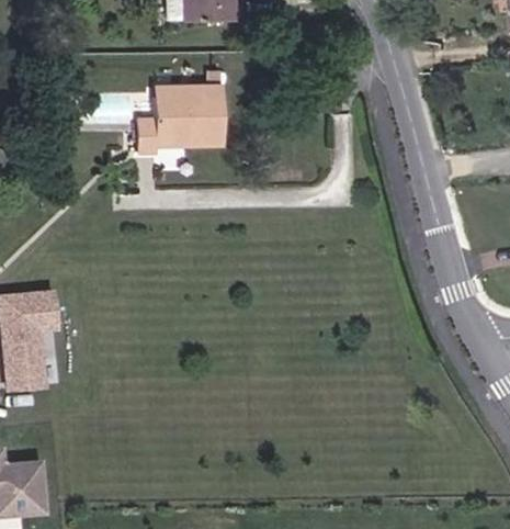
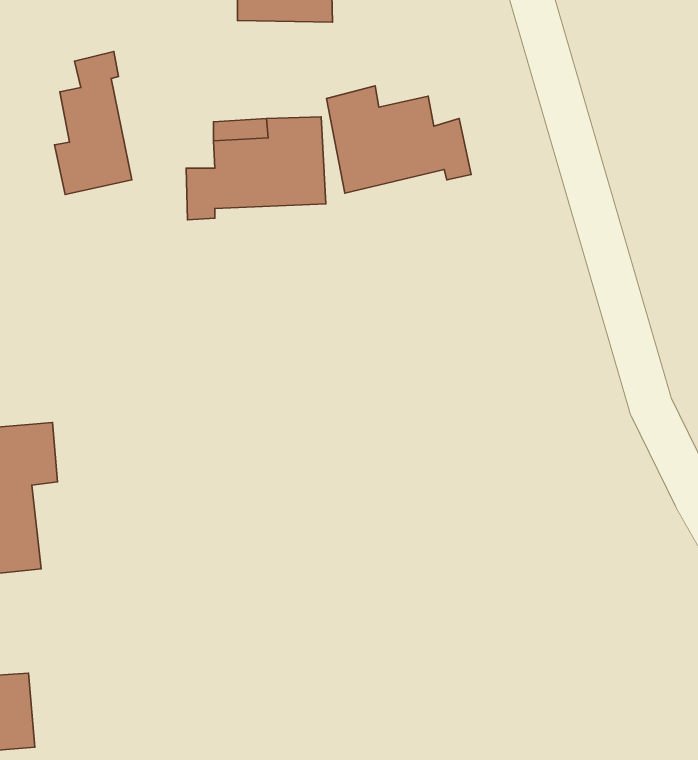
building: none -> [54,51,132,195]
building: none -> [326,86,471,193]

